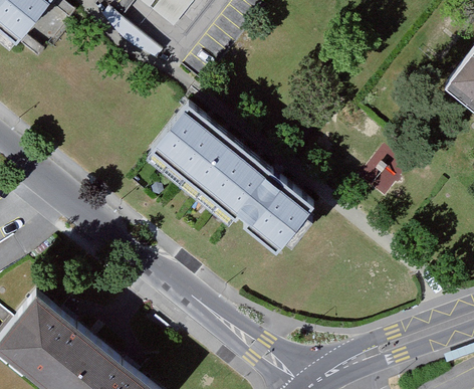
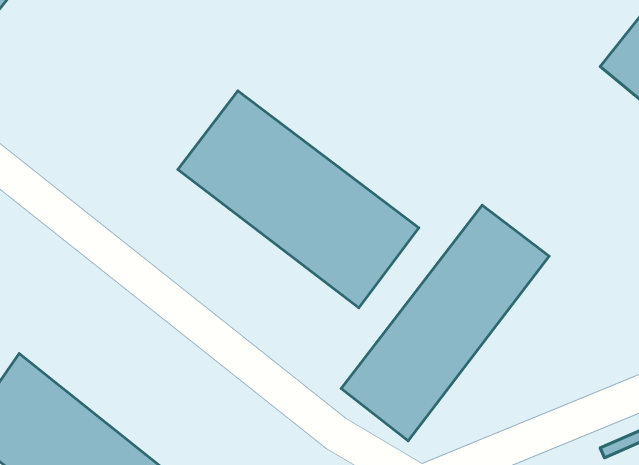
building: none -> [341,205,549,441]

